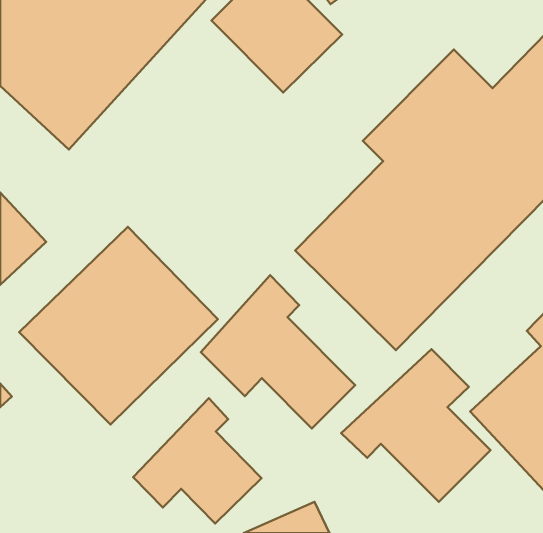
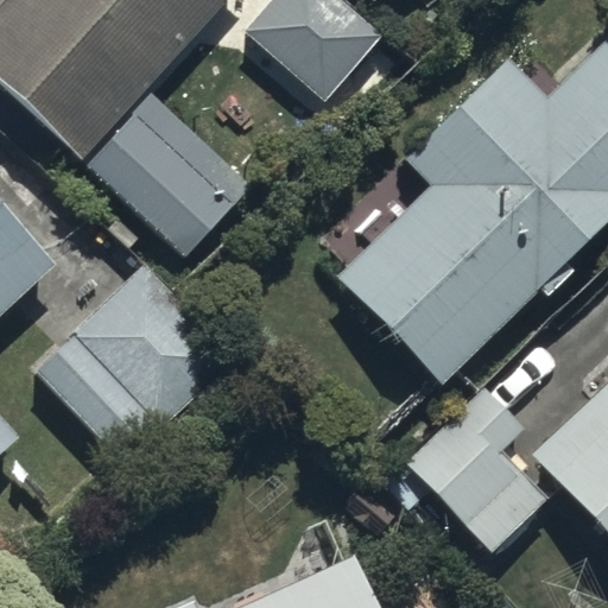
building: none -> [87,94,254,260]
building: [201,275,355,428] -> none
building: [133,398,261,524] -> none

